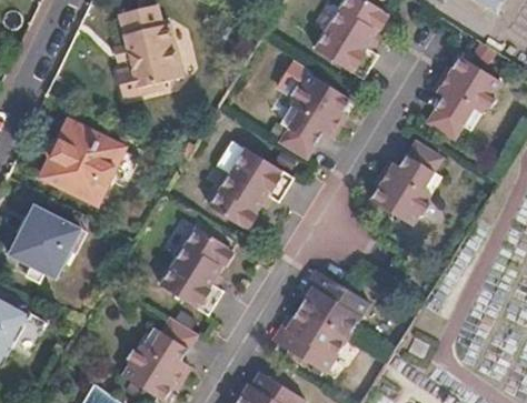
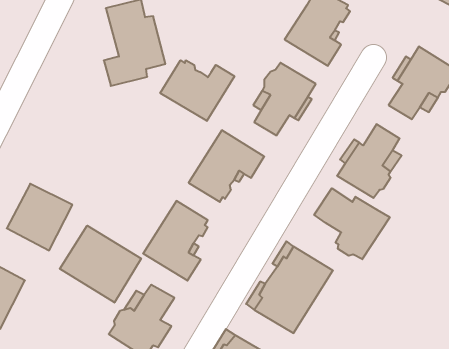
building: none -> [160,60,234,121]
building: [43,125,123,204] -> none
building: none -> [314,188,390,259]
building: none -> [60,226,141,303]

